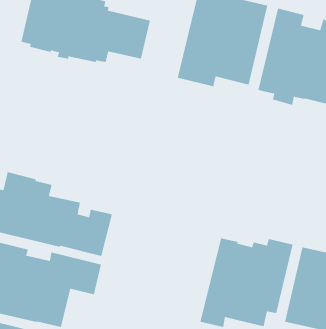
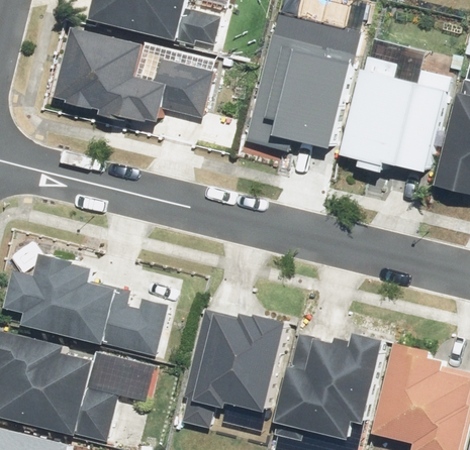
building: none -> [180,308,287,428]

